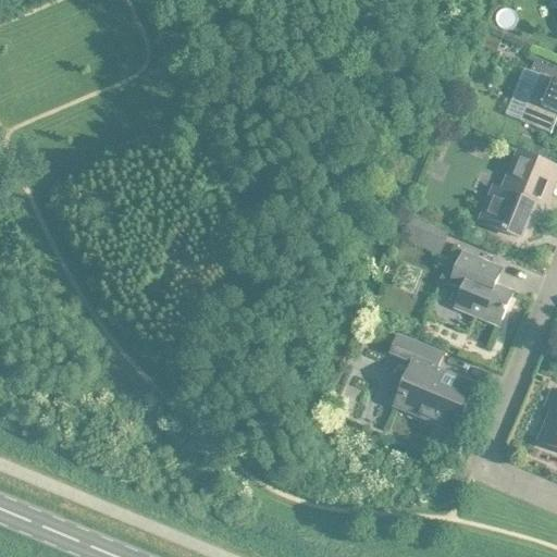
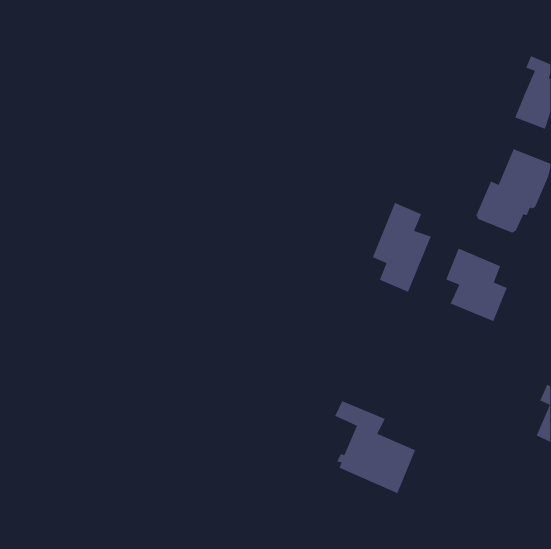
building: none -> [372,202,432,293]
building: [389,334,472,429] -> [334,400,416,494]

